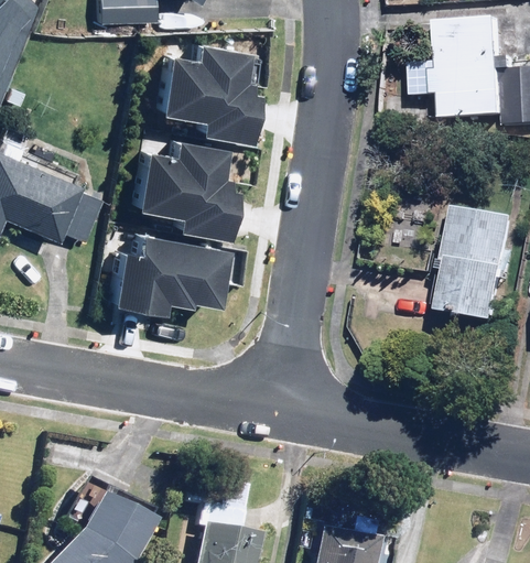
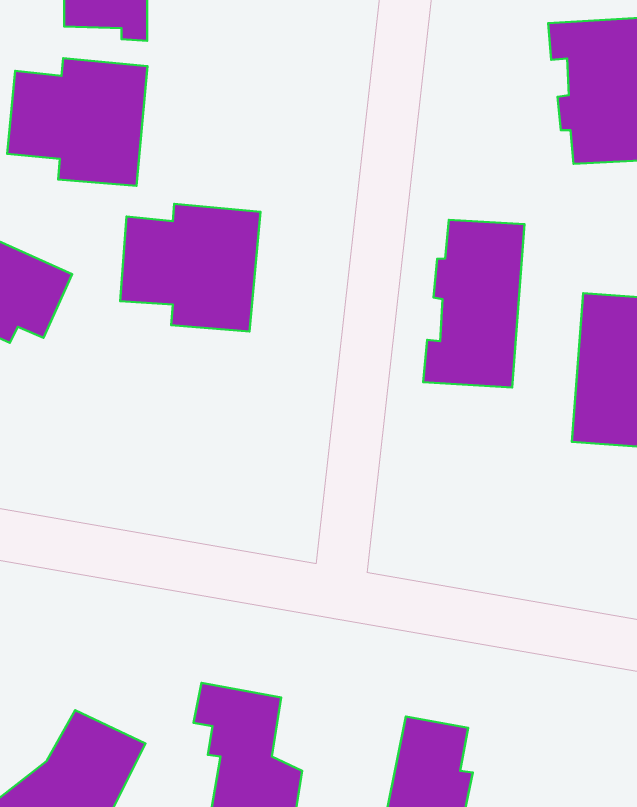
building: [155,53,252,141] -> [7,58,148,186]
building: none -> [423,220,525,388]
building: [113,238,223,312] -> none

